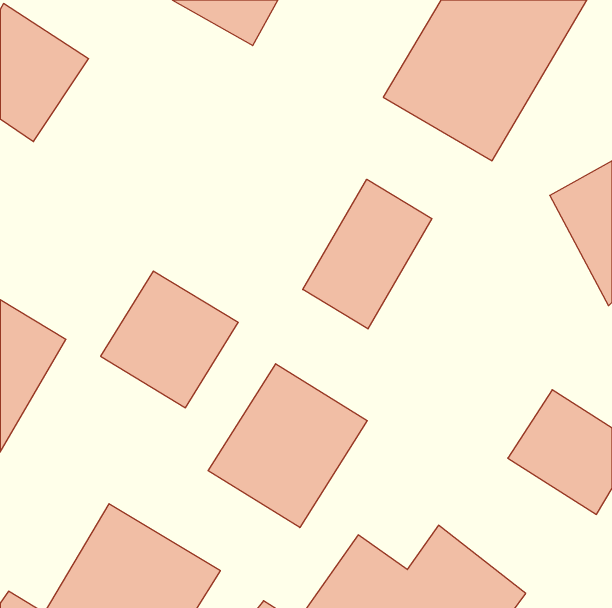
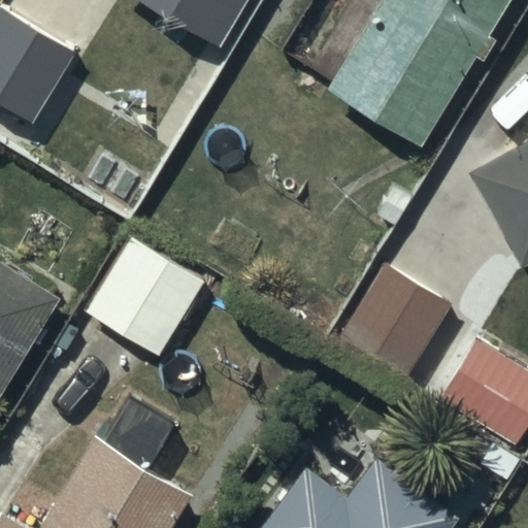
building: [303,179,432,329] -> none
building: none -> [340,264,450,377]
building: [208,364,367,528] -> none

